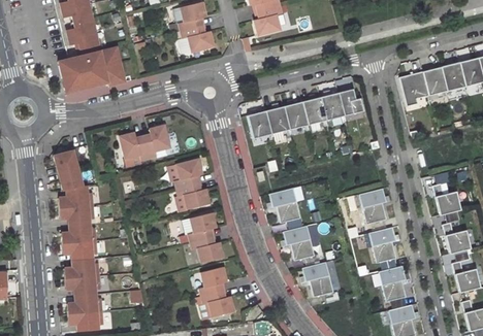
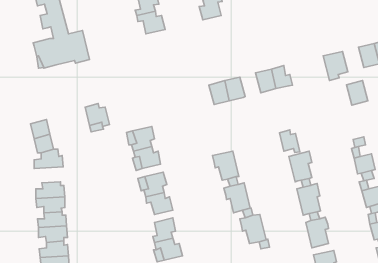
building: [422,67,447,96] -> [347,80,368,105]
building: [301,97,326,125] -> none
building: [247,111,271,139] -> none
building: [143,126,169,158] -> none
building: none -> [280,130,300,153]
building: [60,207,94,226] -> none

